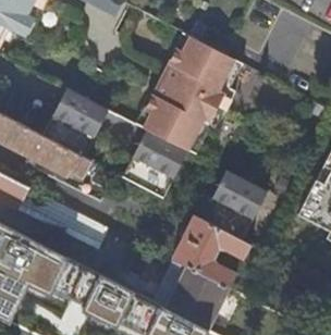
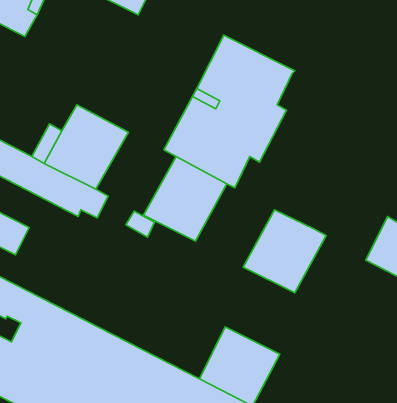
building: [19,187,119,248] -> none
building: [172,214,252,288] -> none

